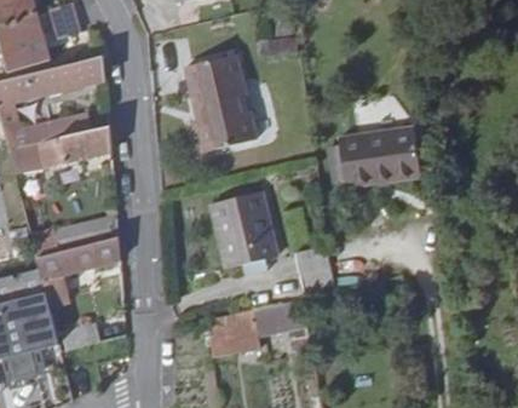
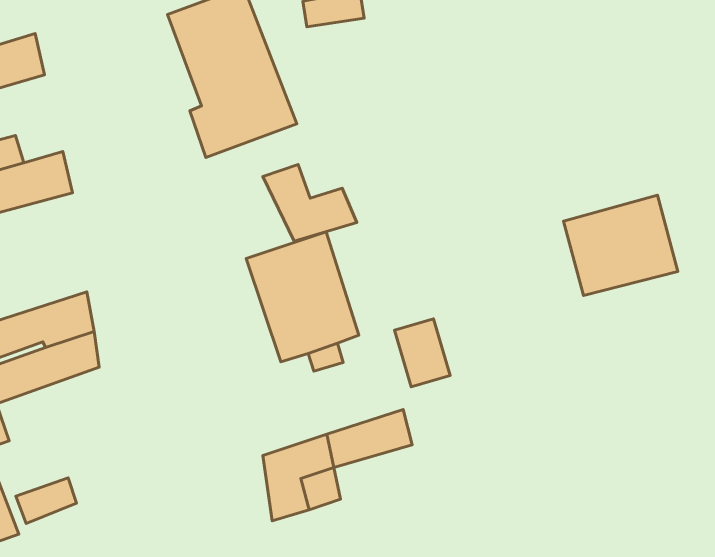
building: [353,131,420,188] -> [563,195,678,296]
building: none -> [263,165,357,241]

